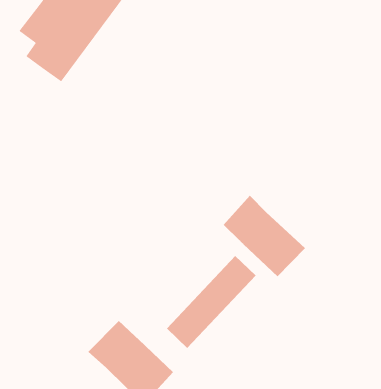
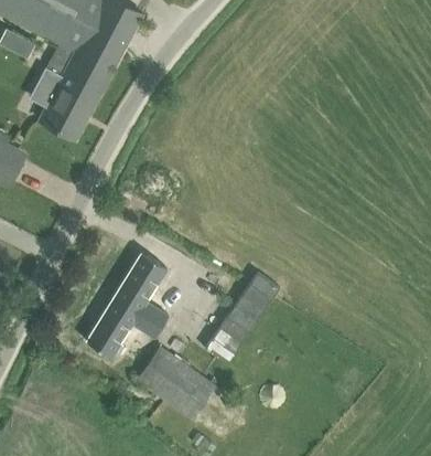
building: [223,195,306,277] -> none
building: none -> [85,252,169,357]

